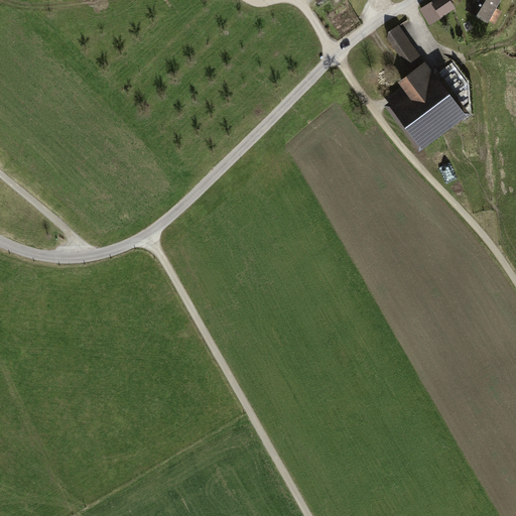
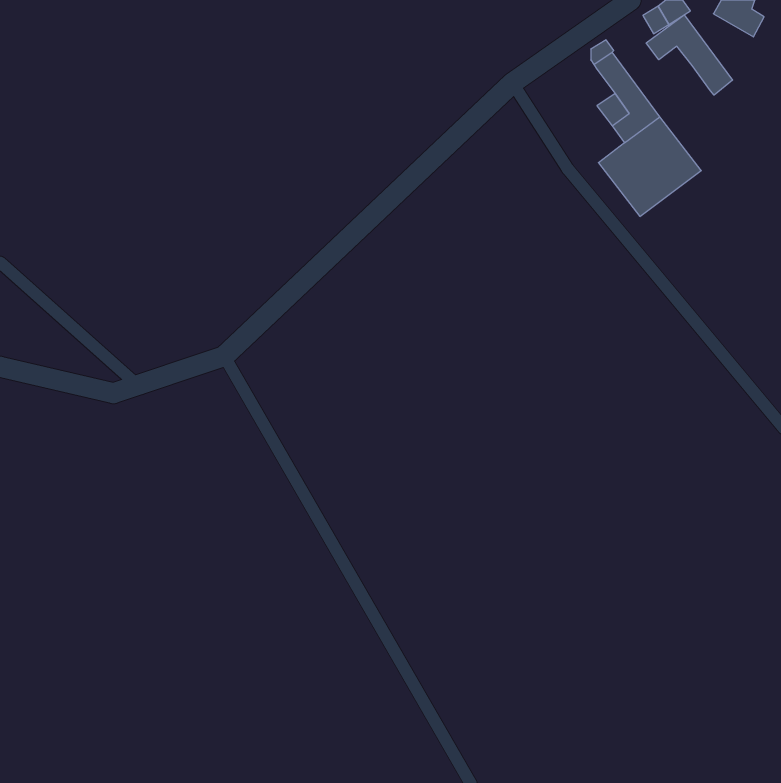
building: none -> [646,15,733,95]

